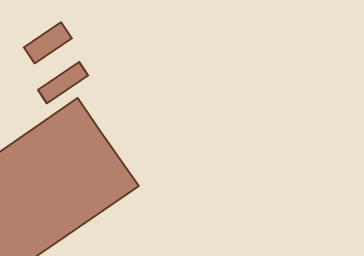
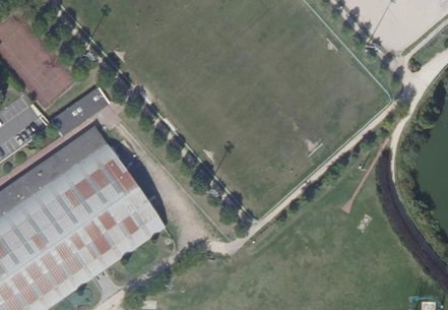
building: [24,22,72,63] -> none

